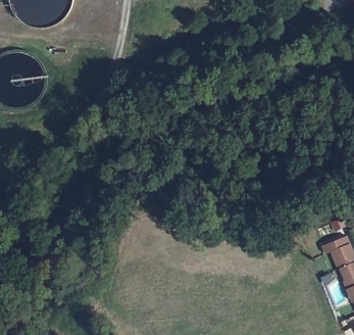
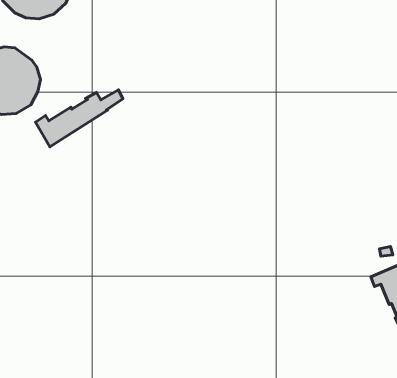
building: none -> [35,90,123,147]

